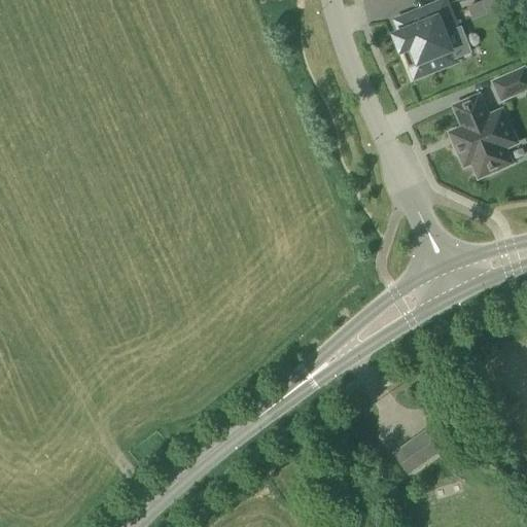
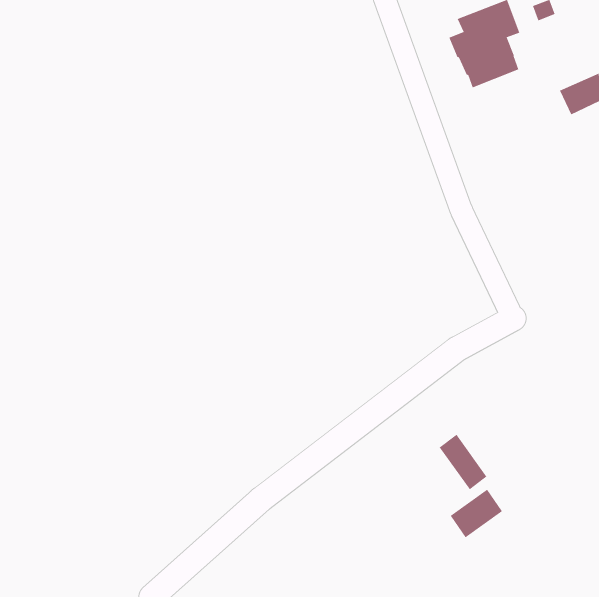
building: [452,97,516,175] -> none
building: none -> [439,434,487,490]

